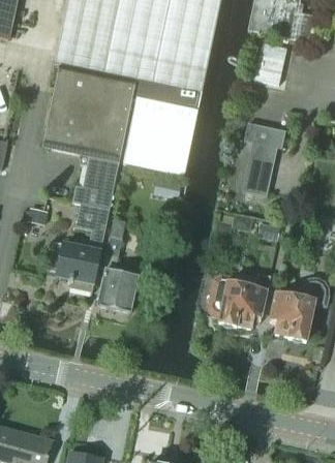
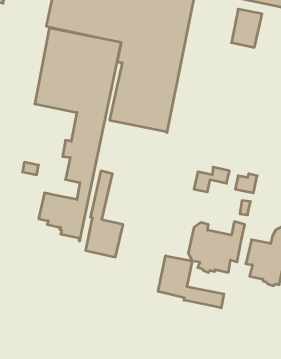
building: [242,121,285,194] -> none
building: none -> [158,256,224,308]

